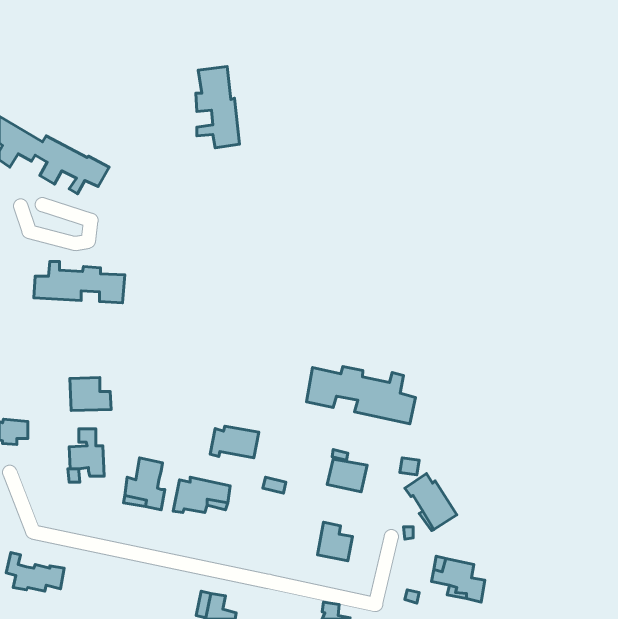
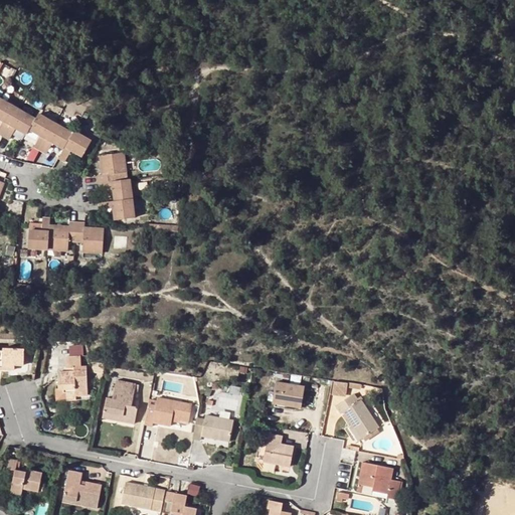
building: [196,67,239,148] -> [98,152,134,219]
building: [306,367,415,424] -> none
building: [70,377,111,410] -> none
building: [210,426,259,458] -> [193,414,233,441]
building: none -> [63,470,102,508]
building: none -> [122,482,165,510]

